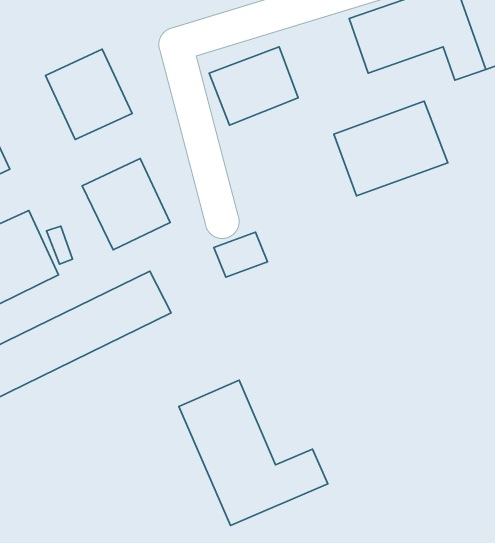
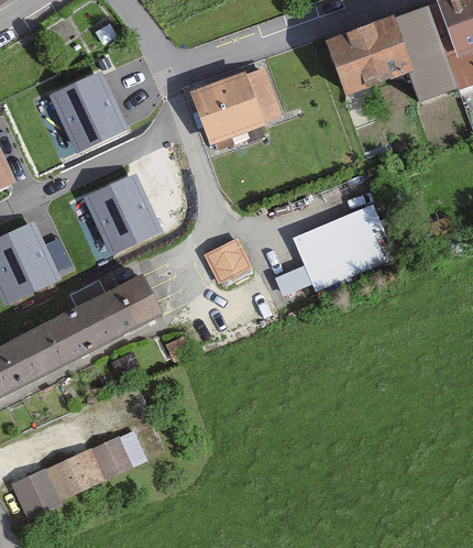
building: [334,101,448,196] -> [292,202,397,291]
building: [179,380,328,526] -> none
building: none -> [12,430,152,518]

